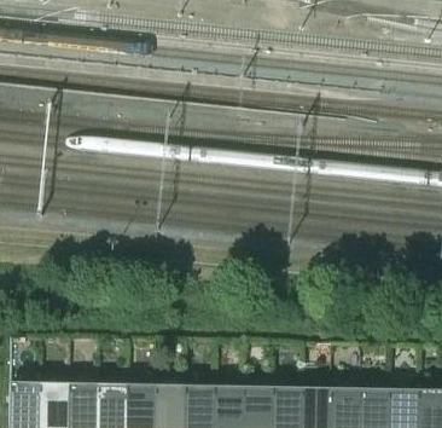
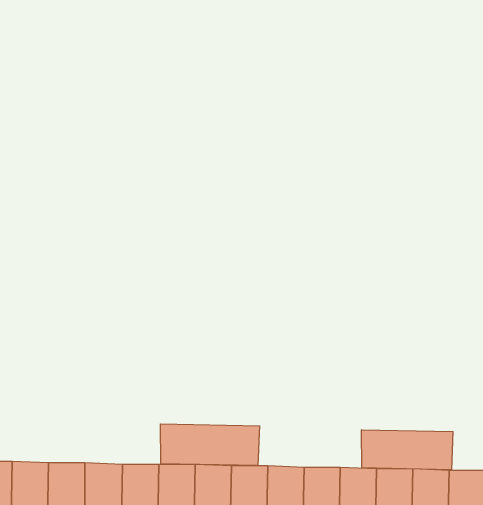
building: none -> [160,424,260,466]
building: none -> [362,430,453,470]

